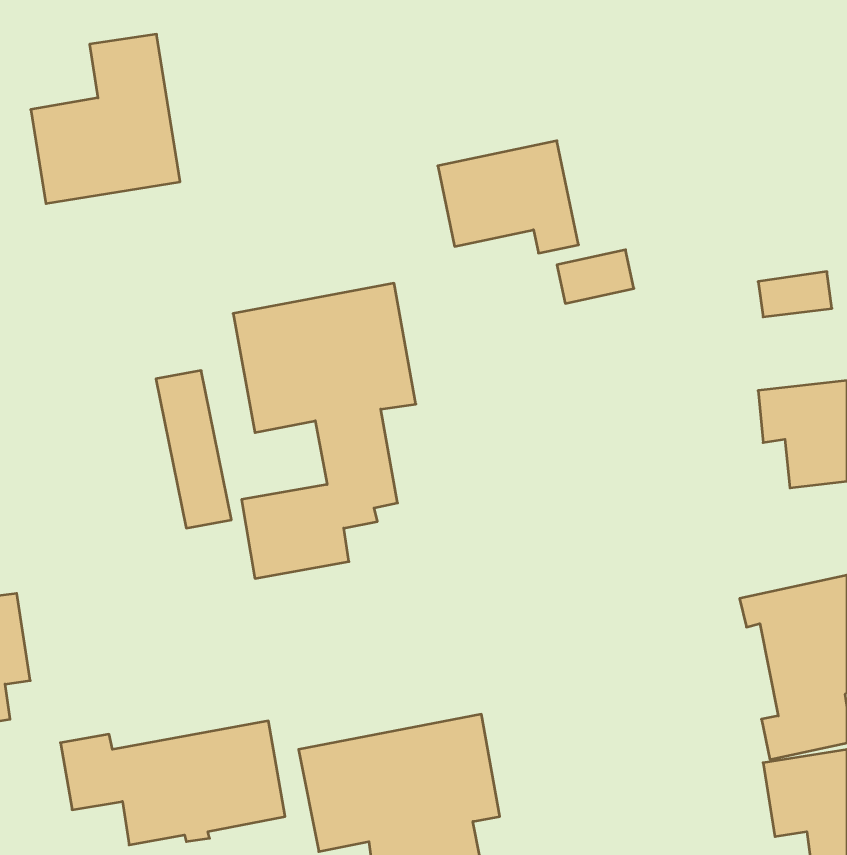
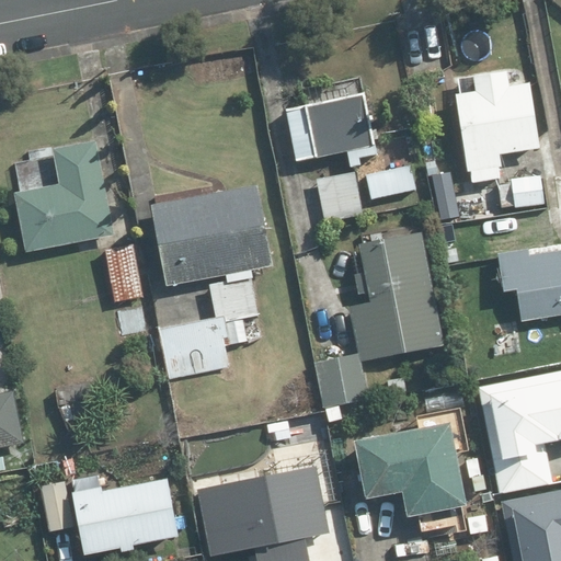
building: [31,34,180,204] -> [15,141,113,252]
building: none -> [455,70,540,180]
building: none -> [314,172,360,222]
building: none -> [311,230,443,407]
building: none -> [358,419,471,515]

